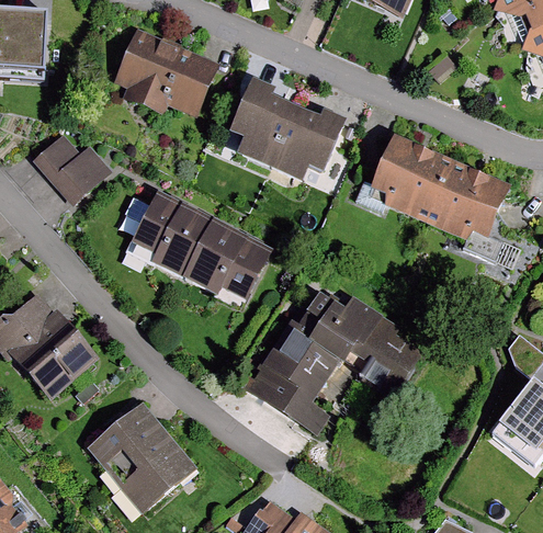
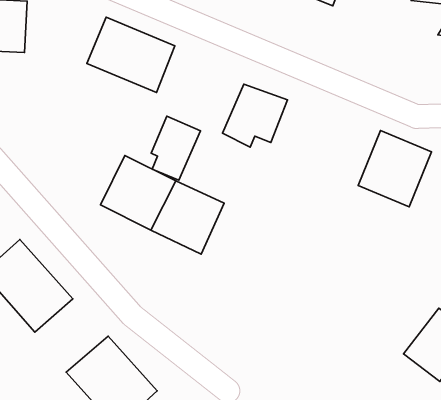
building: [239,89,297,165] -> [151,116,200,180]
building: [23,131,105,208] -> none
building: [373,136,459,226] -> none
building: [247,281,430,426] -> none

